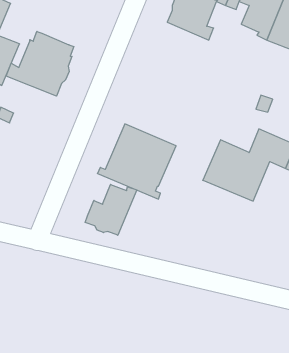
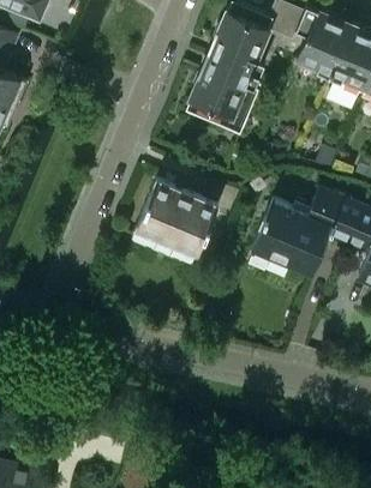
building: none -> [190,56,258,118]
building: [6,31,74,96] -> none
building: [85,184,137,235] -> none

